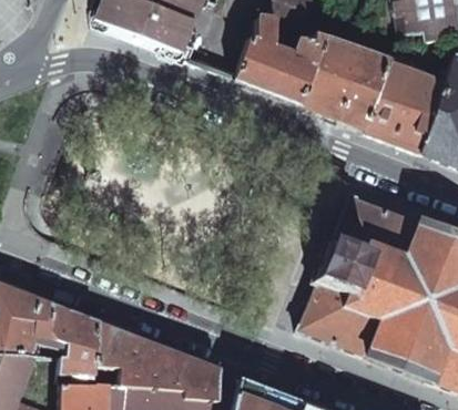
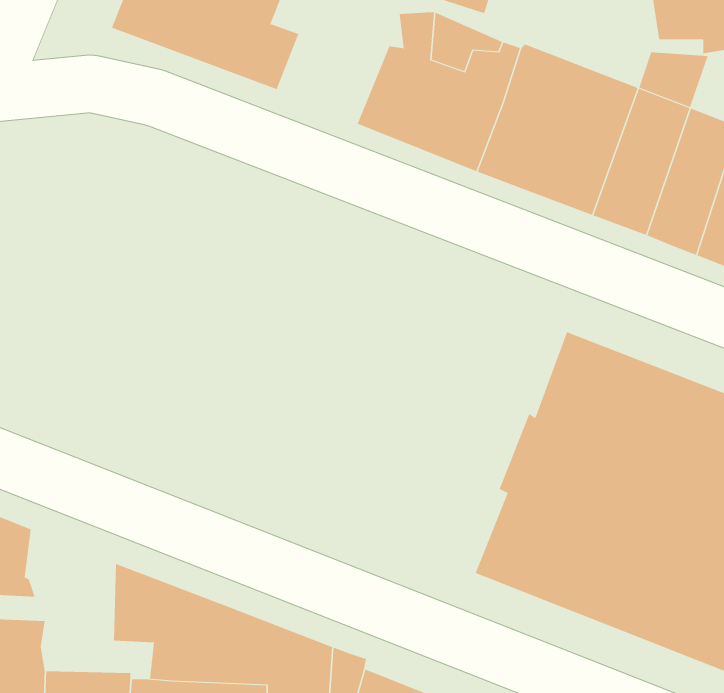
building: [48,305,98,371] -> none

